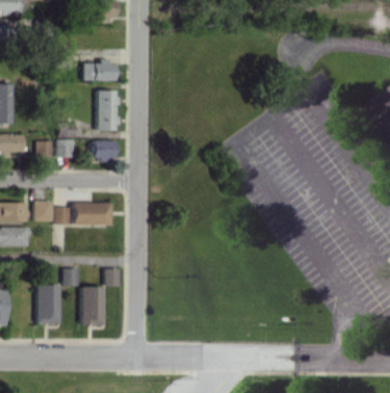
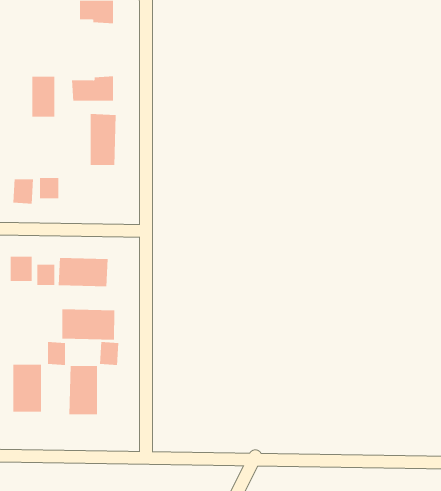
building: none -> [32,76,55,117]
building: [93,141,115,159] -> none
building: none -> [62,308,115,341]

